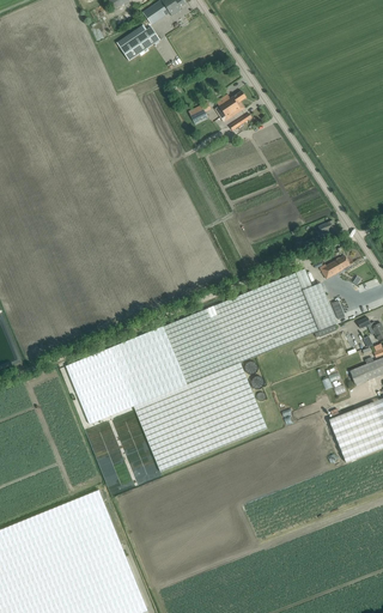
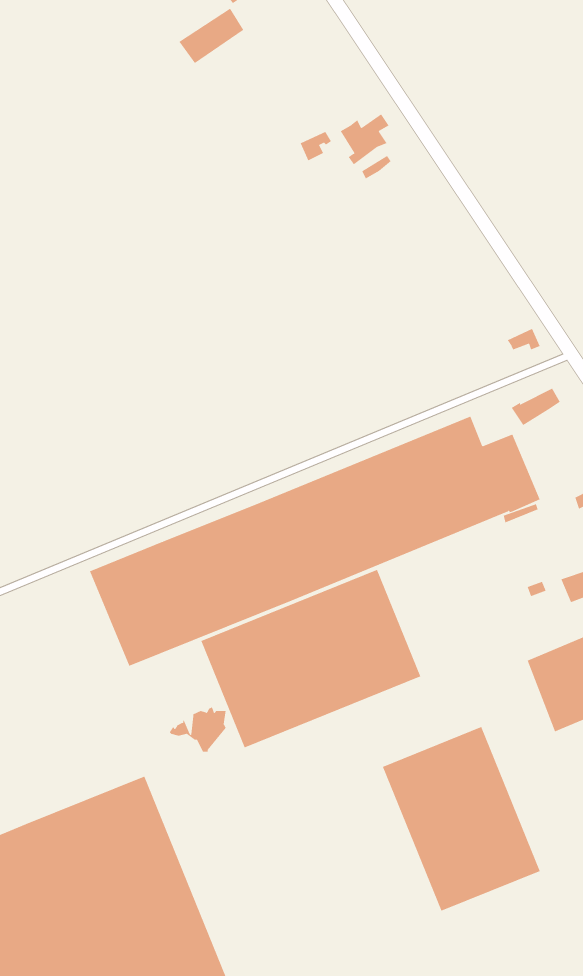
building: none -> [382,726,541,912]

